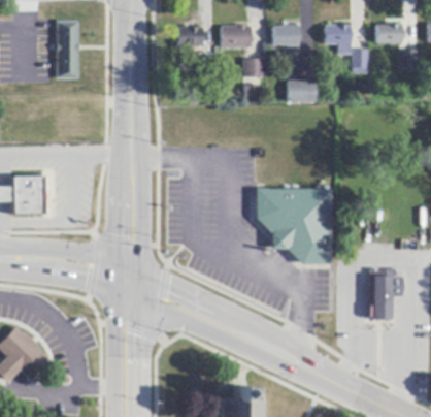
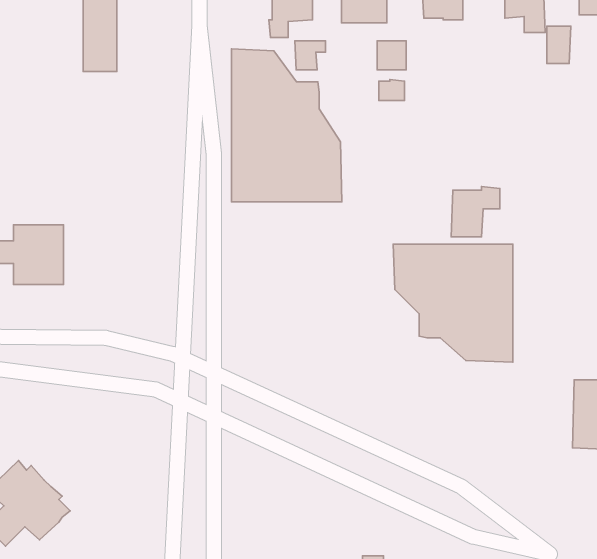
building: none -> [232,49,342,202]
building: [288,81,316,102] -> none
building: none -> [451,187,500,237]

